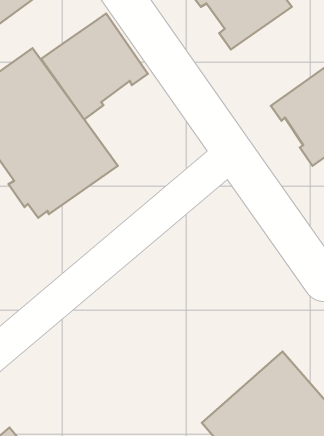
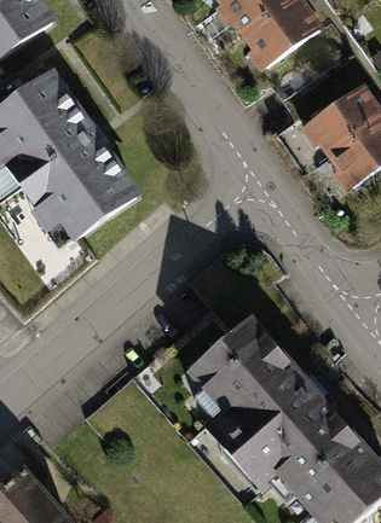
building: [41,13,148,119] -> none
building: none -> [187,319,312,460]

